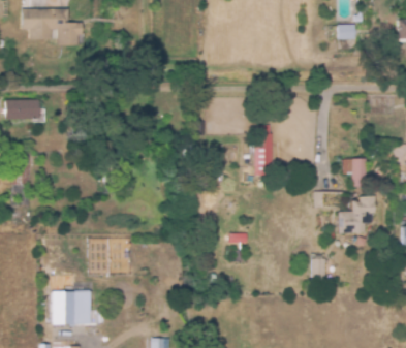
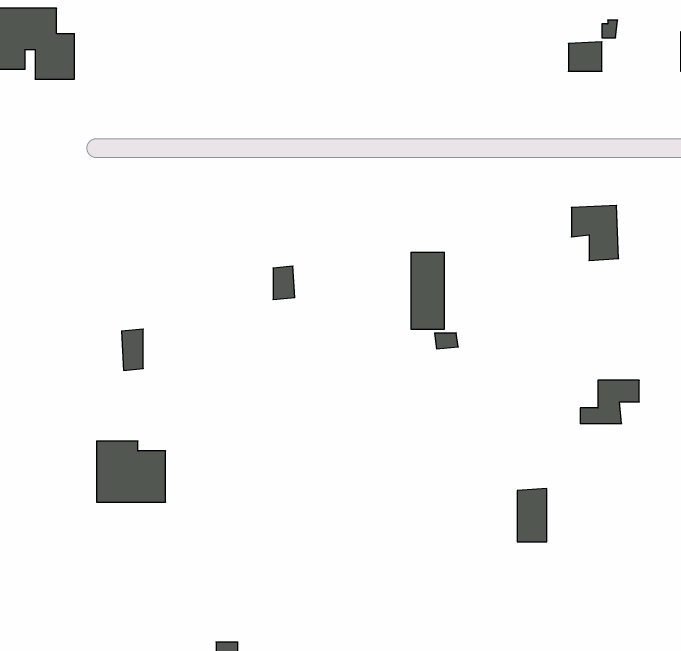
building: [343,157,368,186] -> [571,205,619,261]
building: [51,291,87,323] -> [97,441,166,502]

